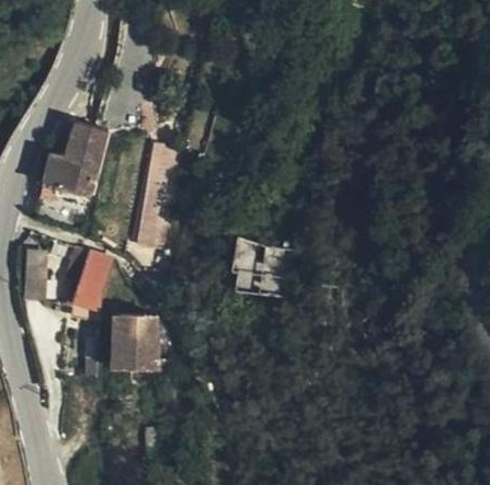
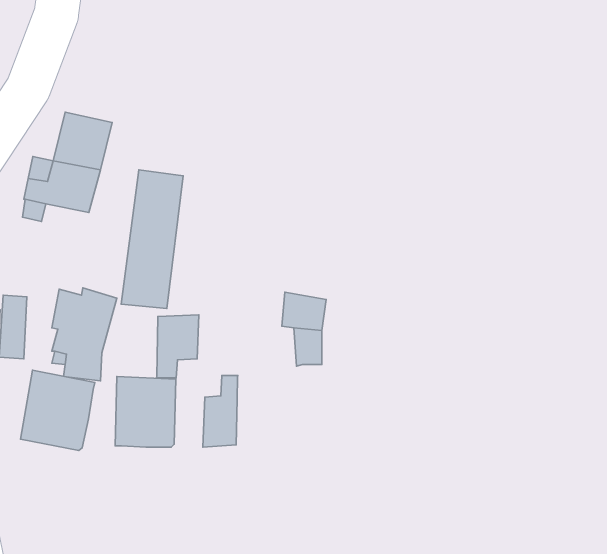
building: none -> [157,315,199,378]
building: none -> [21,370,95,451]
building: none -> [203,376,238,447]

